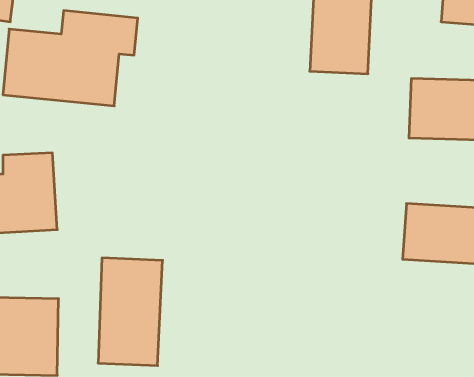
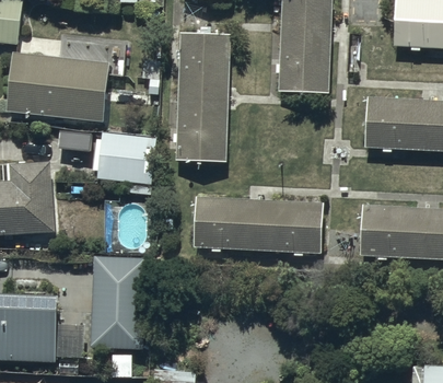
building: none -> [176,33,231,161]
building: none -> [97,135,154,184]
building: none -> [194,196,322,257]

